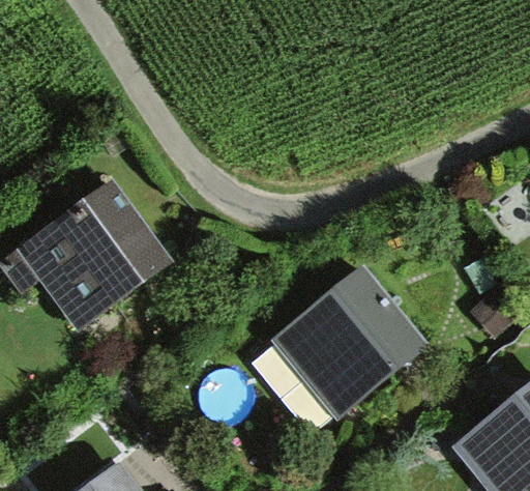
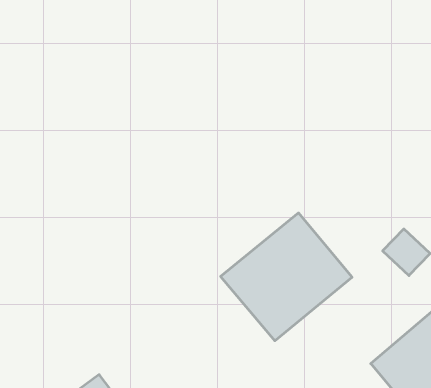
building: [16,185,159,328] -> none

